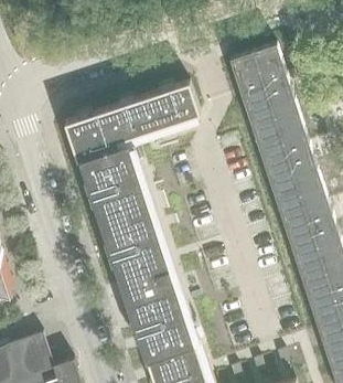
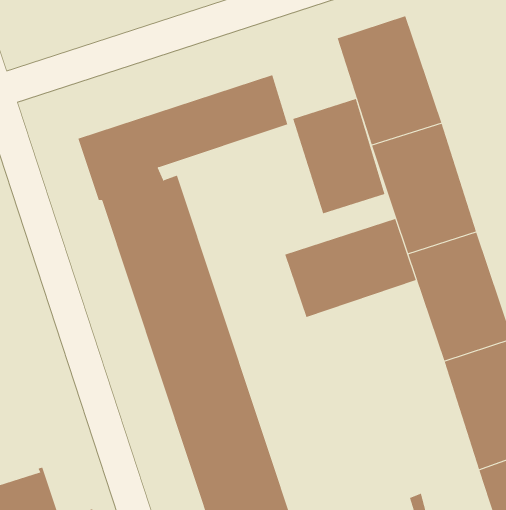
building: none -> [293,98,385,214]
building: none -> [284,218,416,318]

